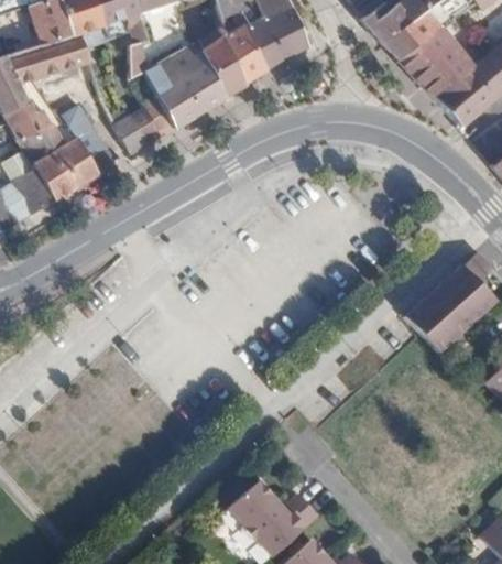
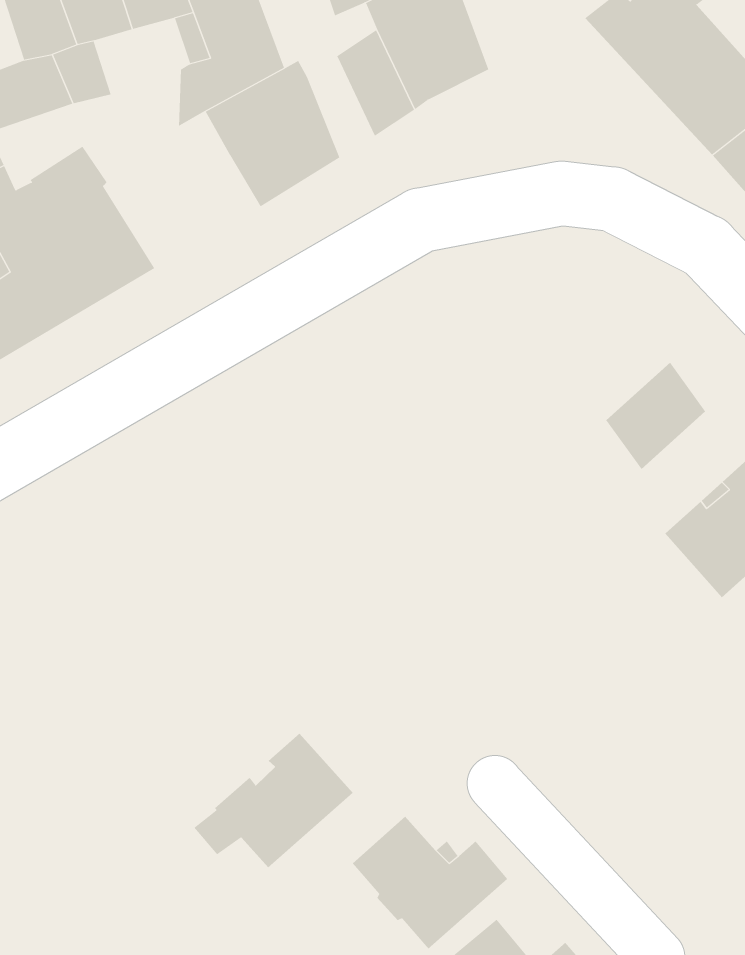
building: [203,41,241,99] -> none
building: [114,110,159,155] -> none
building: none -> [606,362,706,470]
building: none -> [194,733,354,868]

